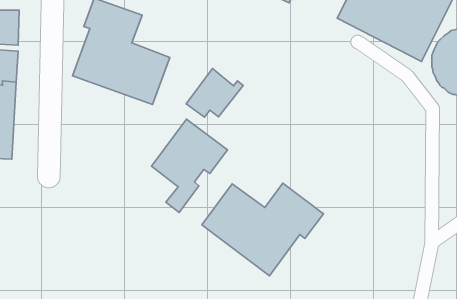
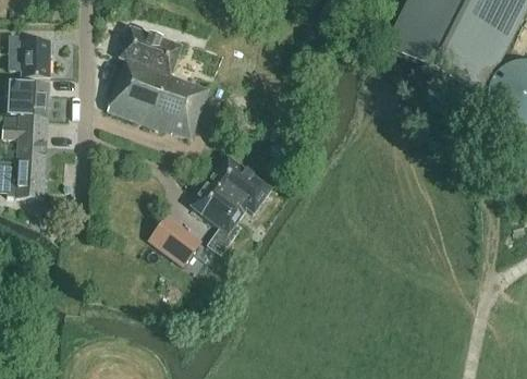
building: [186,69,243,117] -> none
building: none -> [148,221,197,265]
building: [202,183,324,276] -> none

